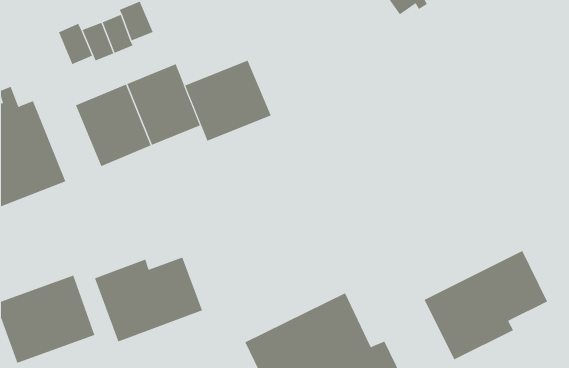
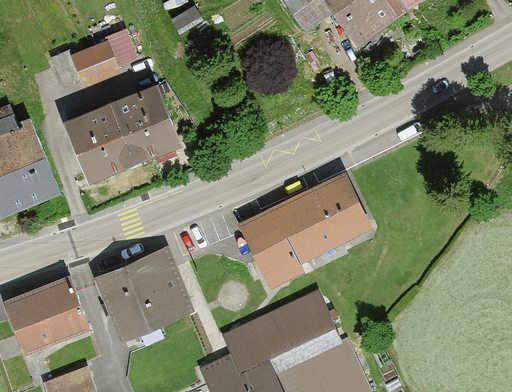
building: [185,60,271,142] -> none
building: none -> [243,177,368,282]
building: [424,250,548,360] -> none

